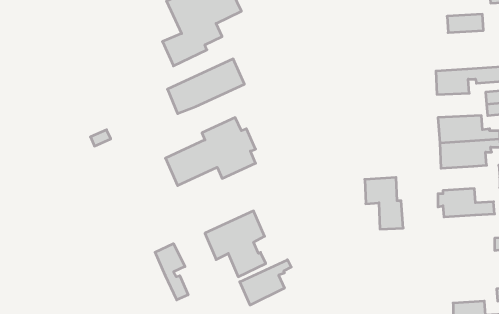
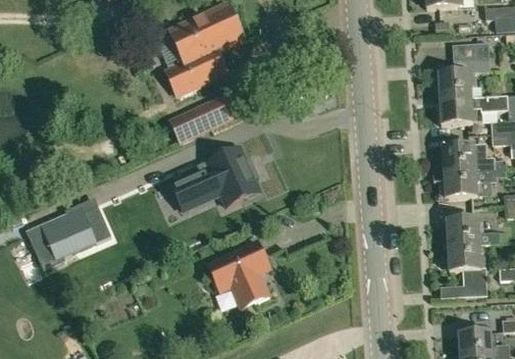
building: none -> [439,59,490,100]
building: [365,177,403,229] -> [449,245,487,297]
building: none -> [28,211,111,262]
building: [155,244,188,300] -> none
building: [240,260,291,305] -> none

